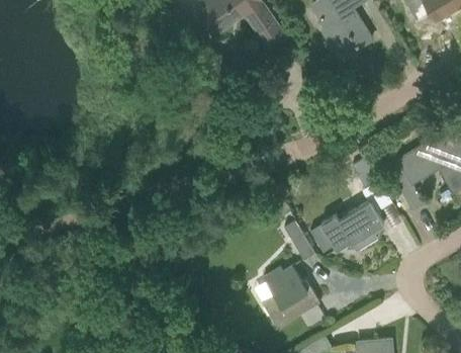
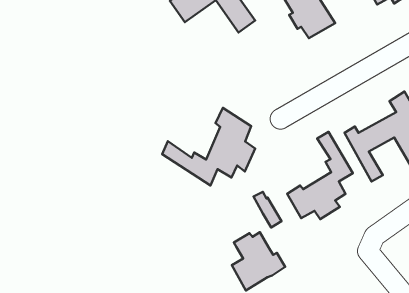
building: none -> [162,108,255,185]

